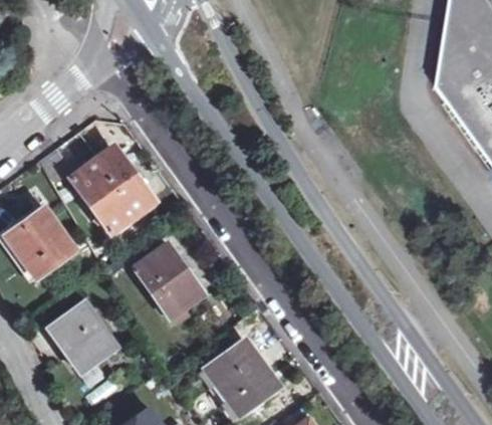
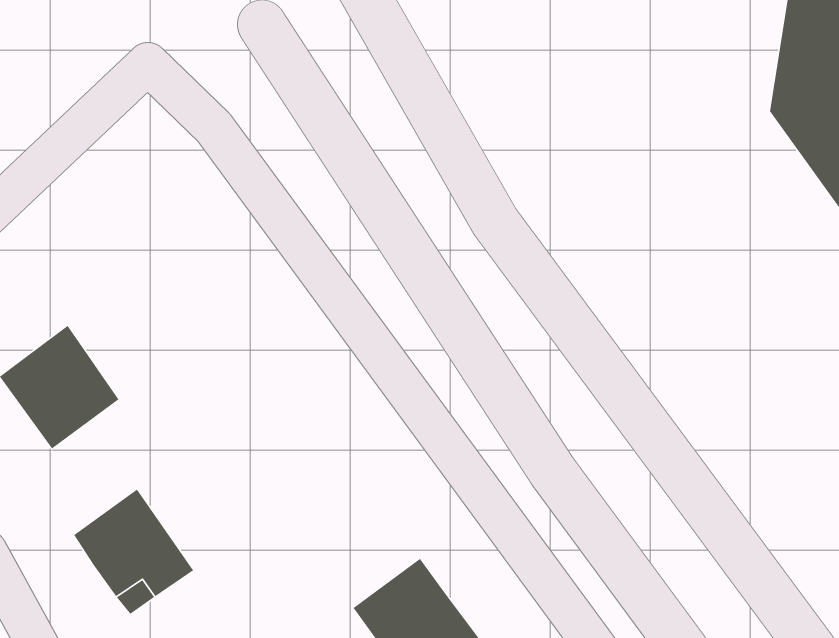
building: [66,145,145,228] -> none
building: [134,242,204,317] -> none

